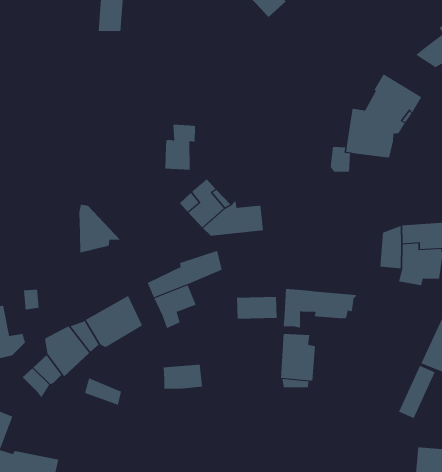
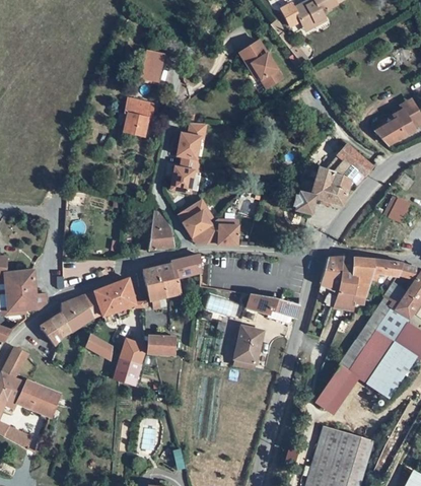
building: none -> [122,97,153,136]
building: none -> [178,122,206,158]
building: [79,204,121,253] -> [149,211,182,248]
building: none -> [114,339,146,386]

